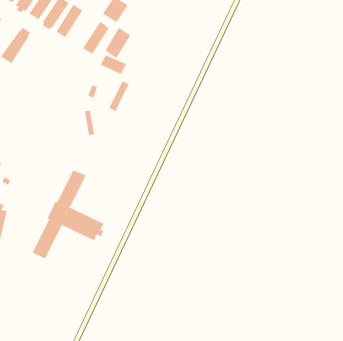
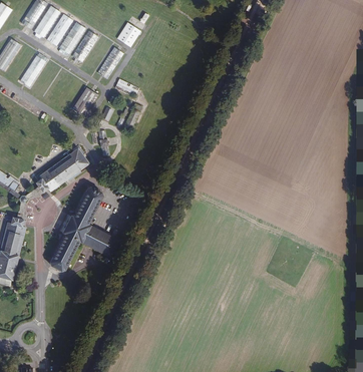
building: [105,27,131,59] -> [70,86,95,116]
building: none -> [36,147,87,192]

